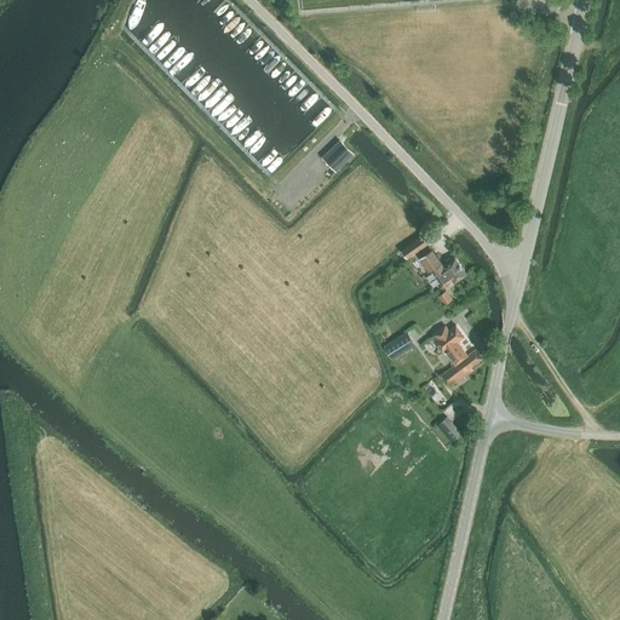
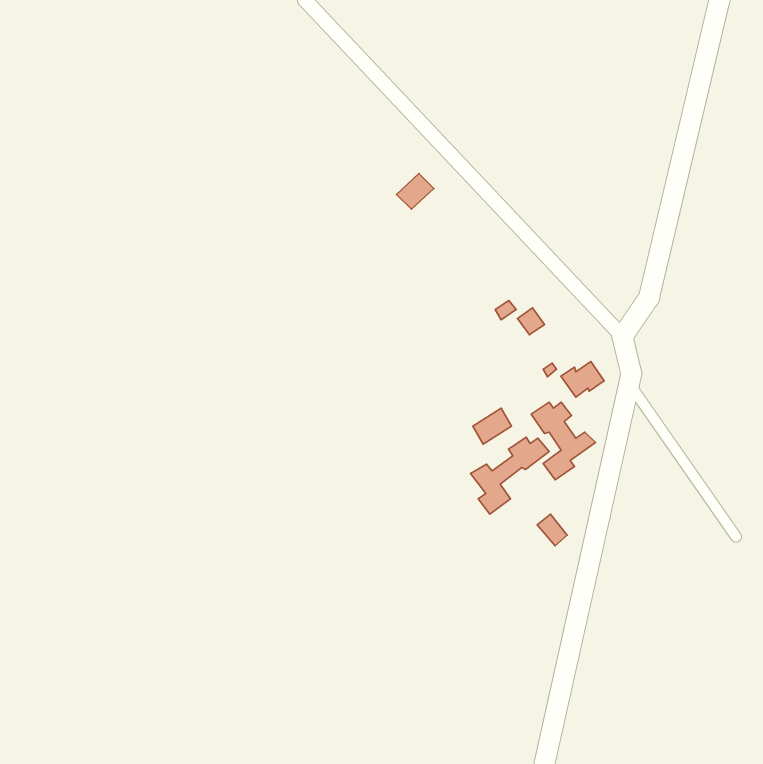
building: [430,258,465,287] -> [561,361,604,397]
building: none -> [471,437,549,514]

